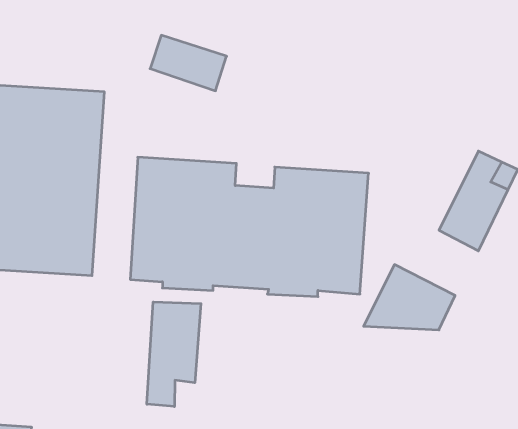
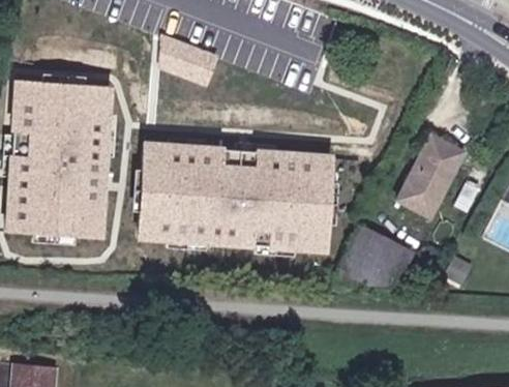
building: [147,302,201,407] -> none

